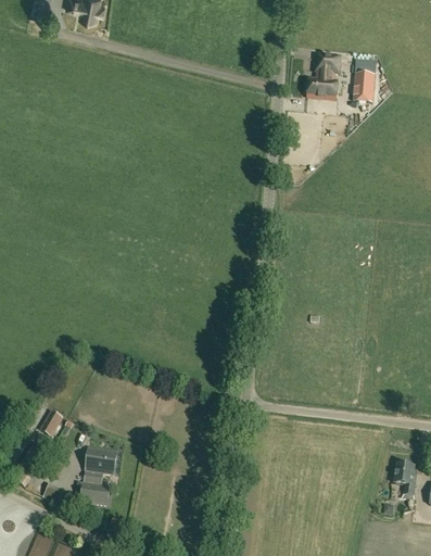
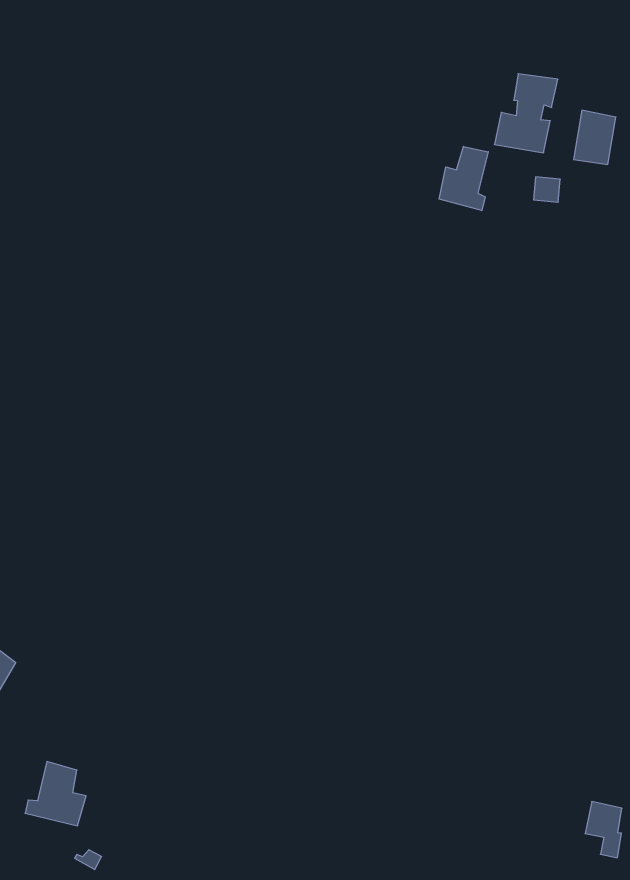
building: none -> [439,146,488,211]
building: [86,446,117,473] -> none

